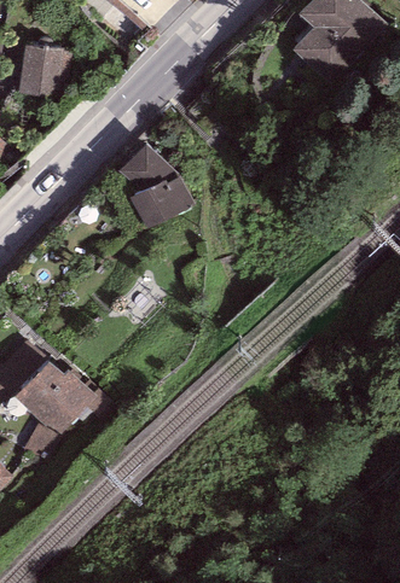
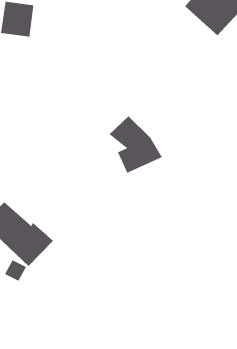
building: [117,142,197,228] -> [109,115,163,173]

